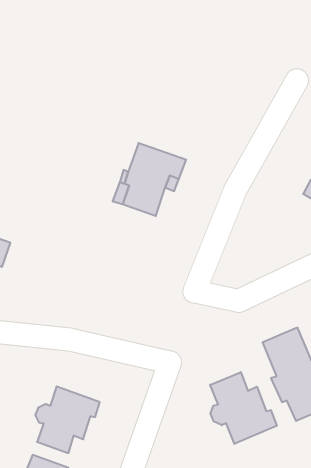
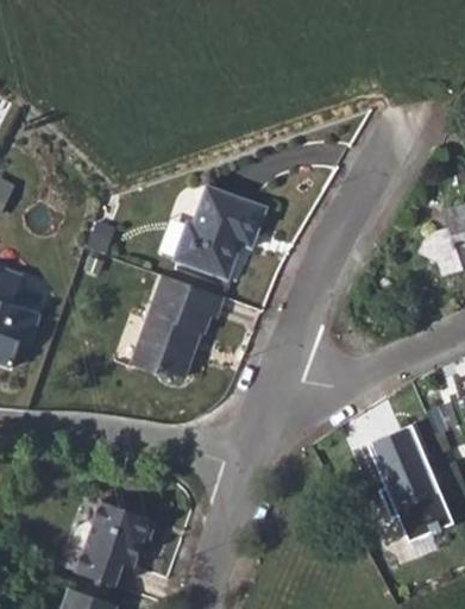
building: none -> [131,276,224,378]
building: [210,372,277,444] -> none

